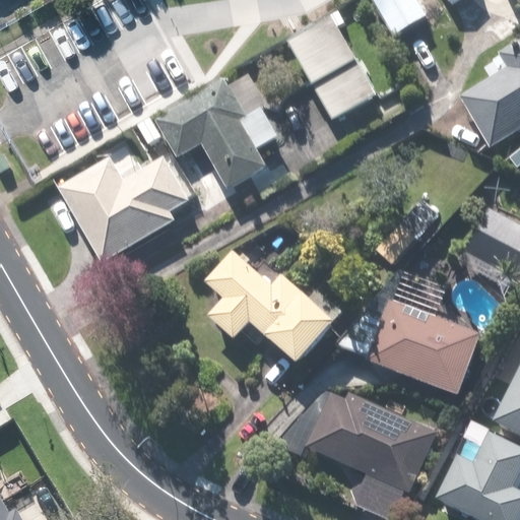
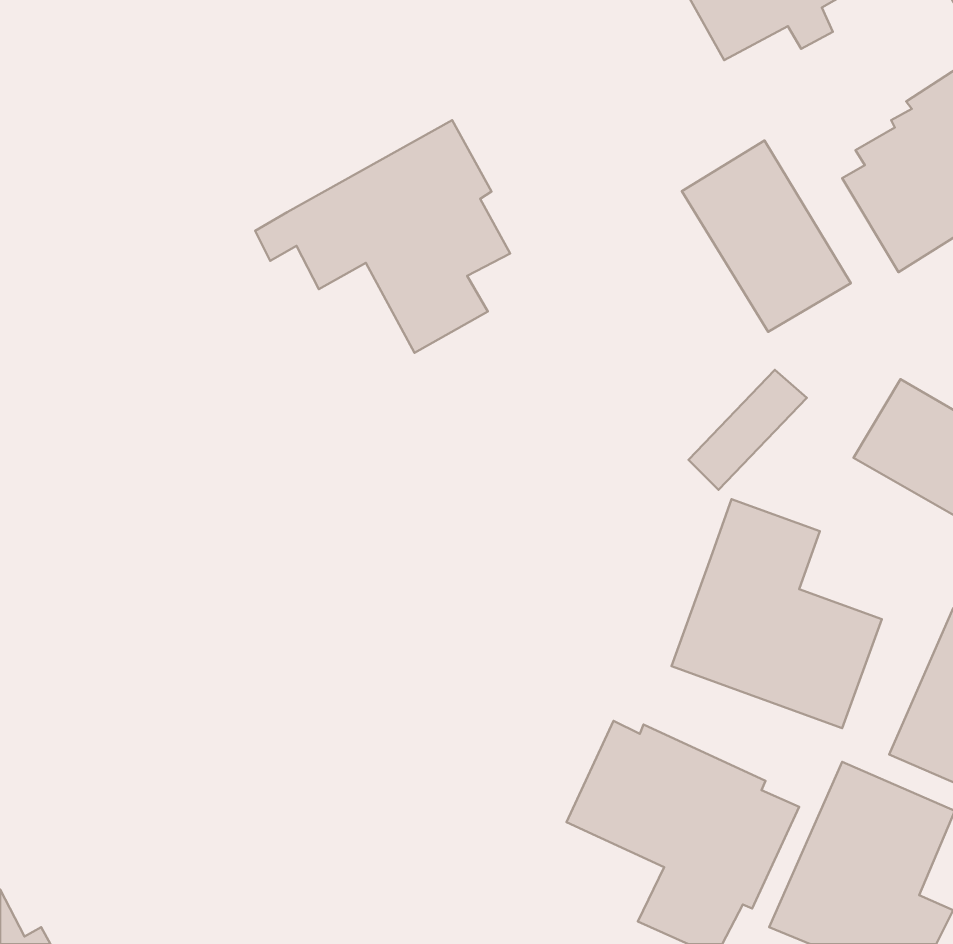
building: [285,15,377,119] -> [682,140,851,332]
building: [60,143,190,262] -> none
building: [206,251,332,369] -> none

